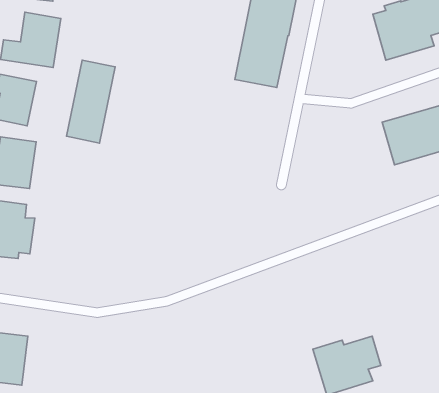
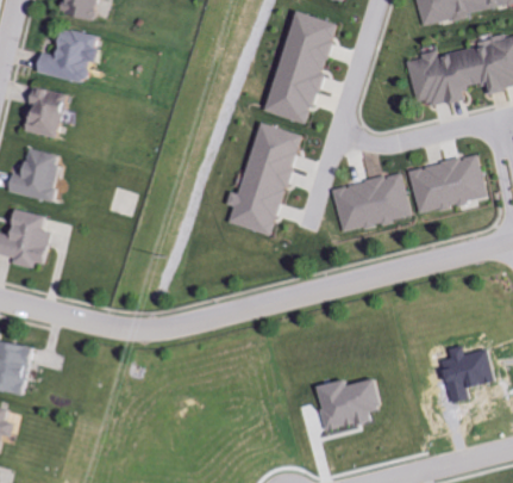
building: [67,60,115,143] -> none
building: none -> [226,122,301,235]
building: none -> [330,173,407,230]

